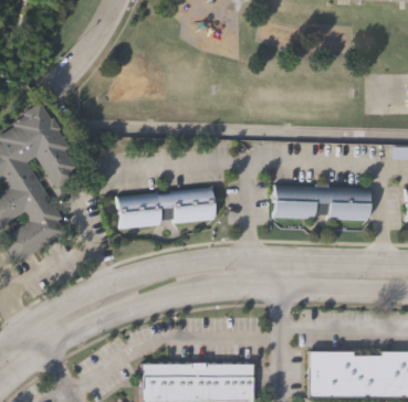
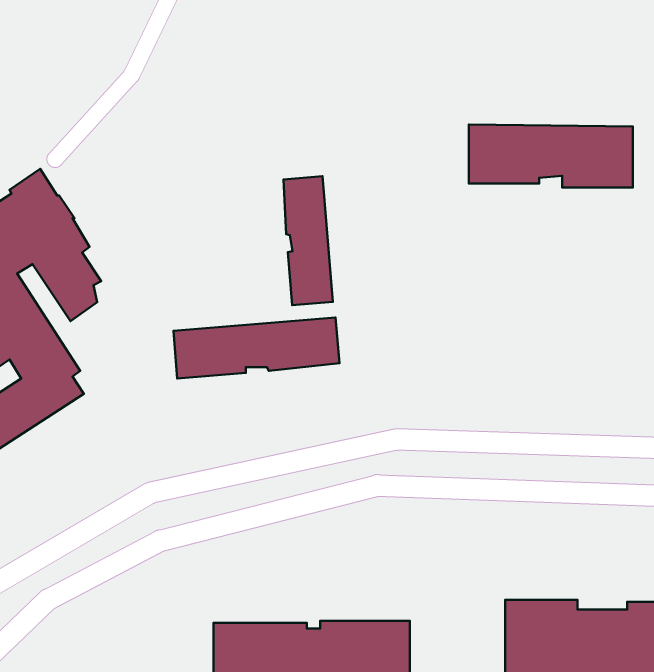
building: none -> [283,176,333,305]
building: [275,184,370,221] -> [469,124,633,187]

